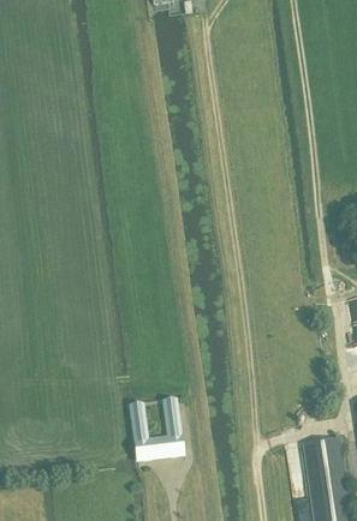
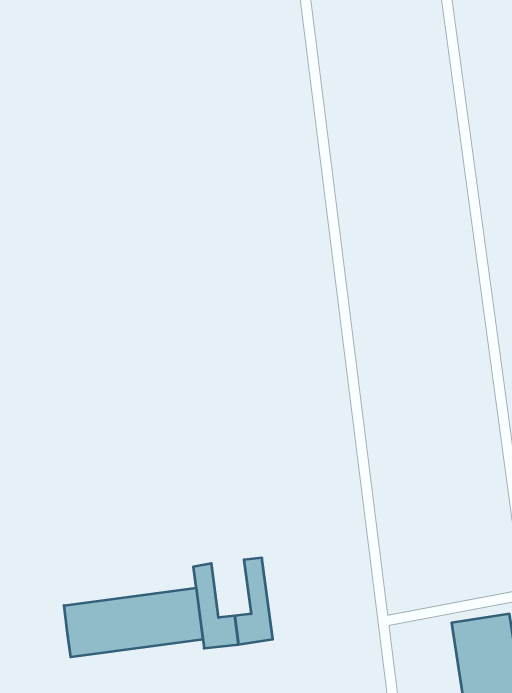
building: none -> [64,588,203,657]

